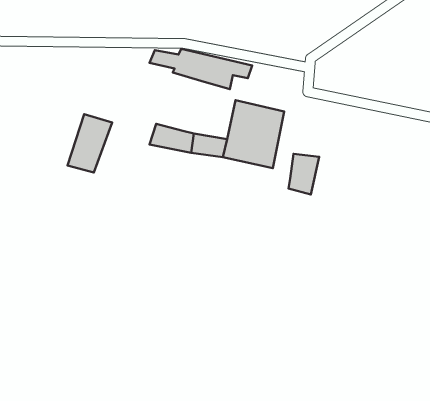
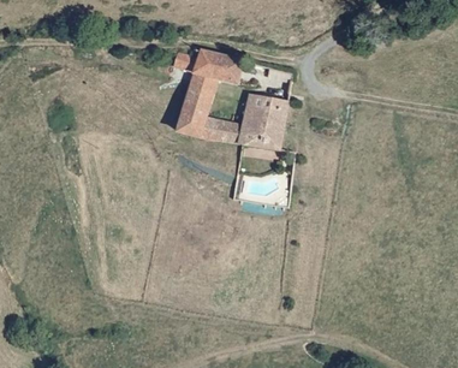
building: [68,114,112,173] -> [179,69,218,119]
building: [288,154,319,195] -> none

